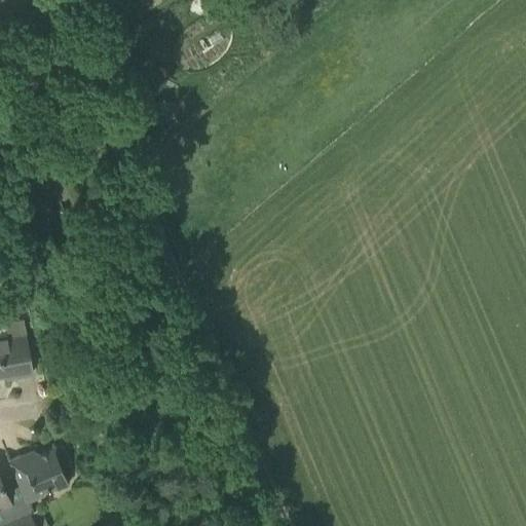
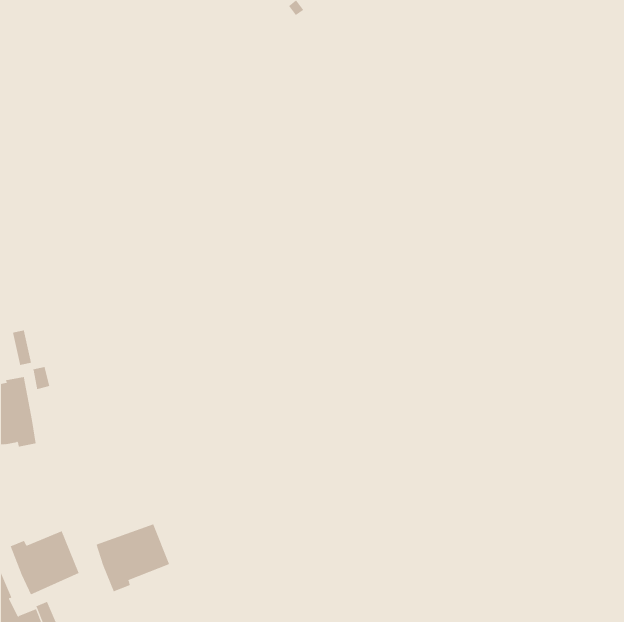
building: none -> [96,523,170,592]

